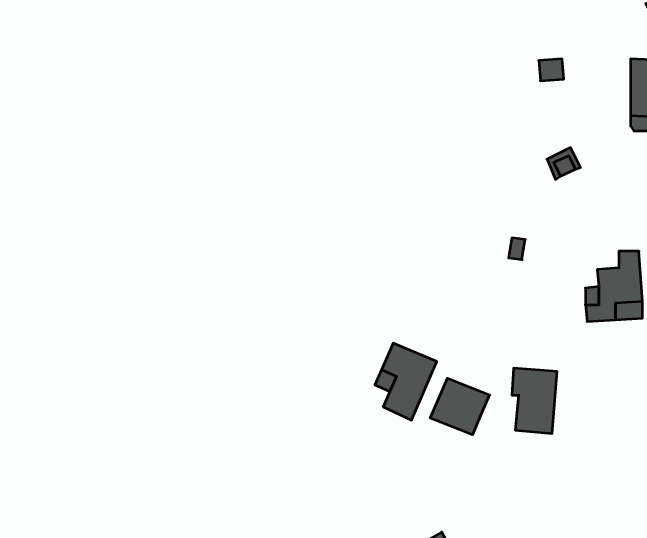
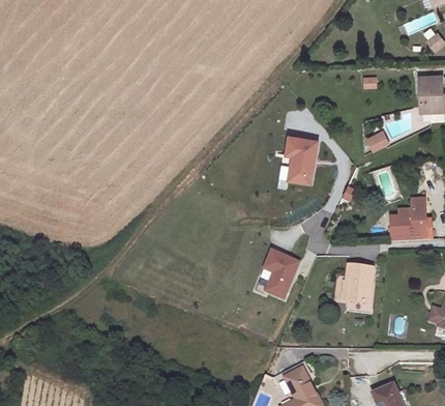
building: none -> [286,136,317,183]
building: [430,378,490,435] -> none

